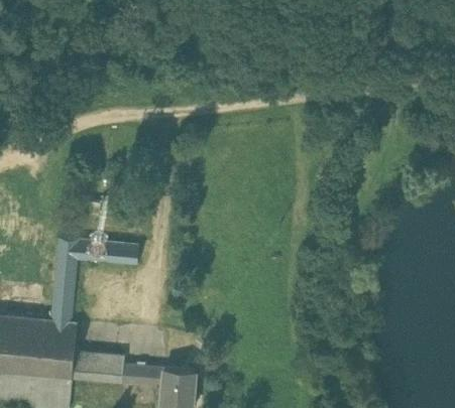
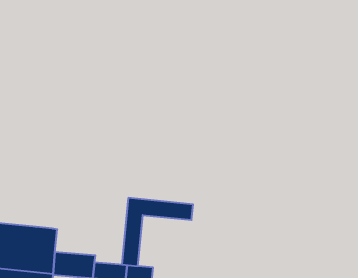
building: [50,237,139,321] -> [122,198,193,266]

